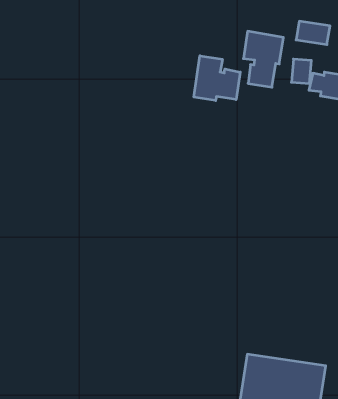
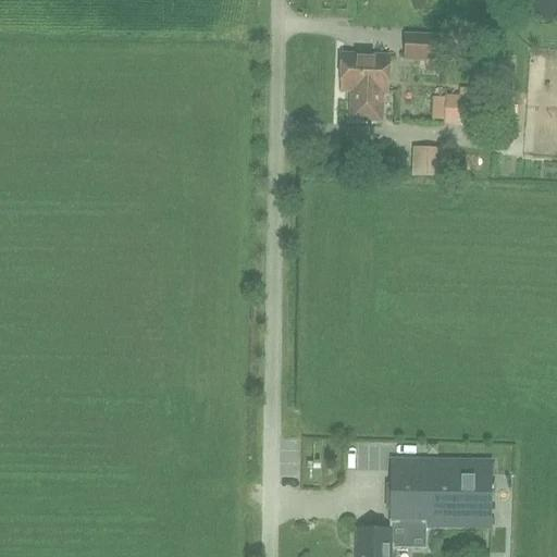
building: [194,56,240,101] -> none
building: [291,59,311,84] -> [412,141,436,172]

